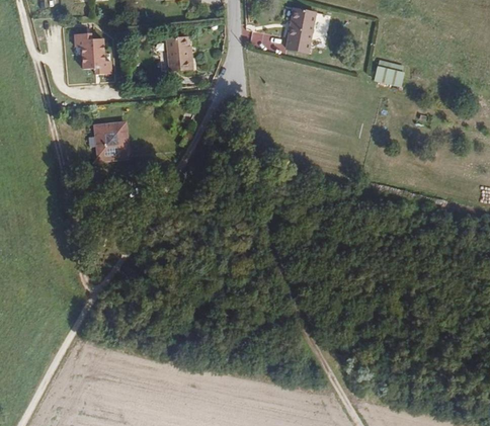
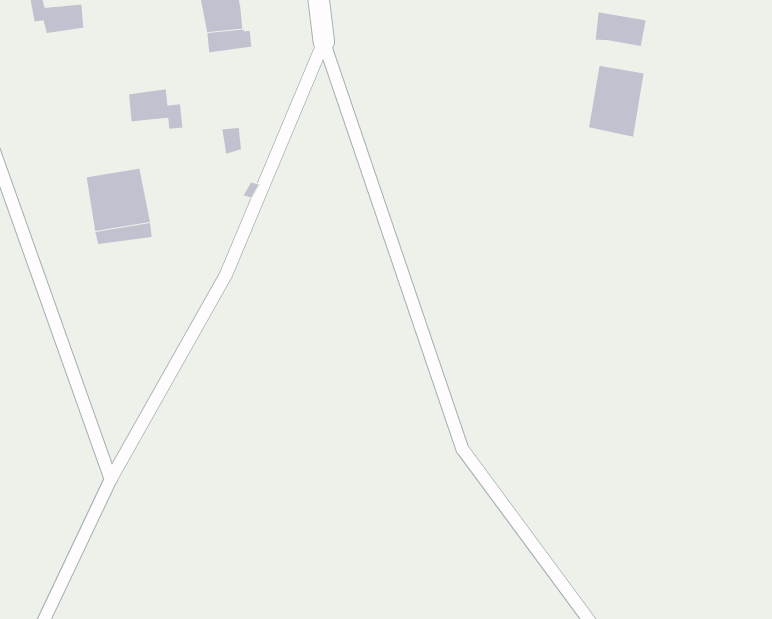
building: [80,49,108,71] -> [128,89,183,129]
building: none -> [588,65,644,138]

